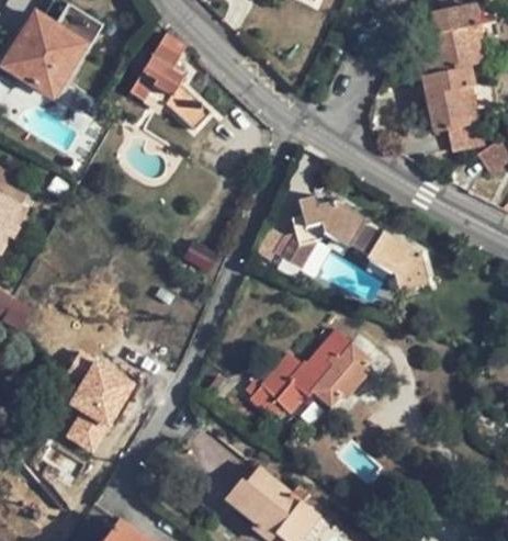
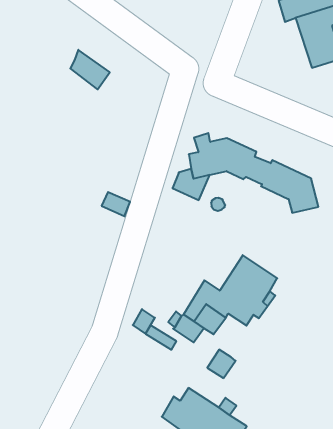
building: [131,32,188,100] -> none
building: [65,357,137,455] -> none

